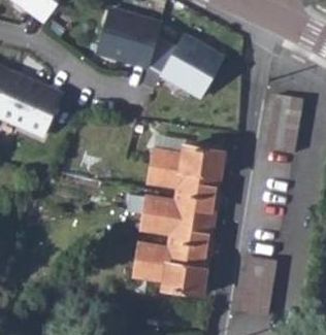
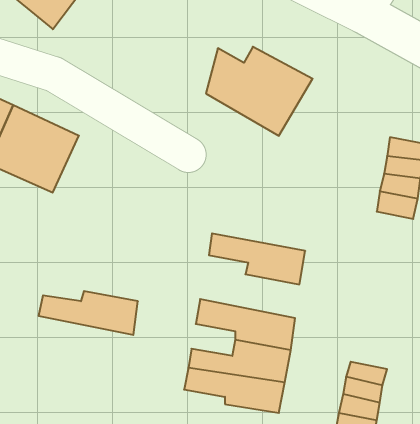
building: [96,10,160,67] -> none
building: [153,146,223,178] -> none
building: [144,195,215,226] -> [39,291,138,335]

